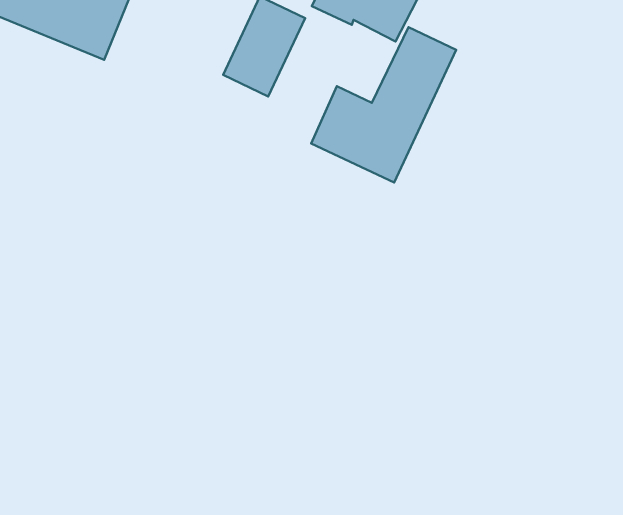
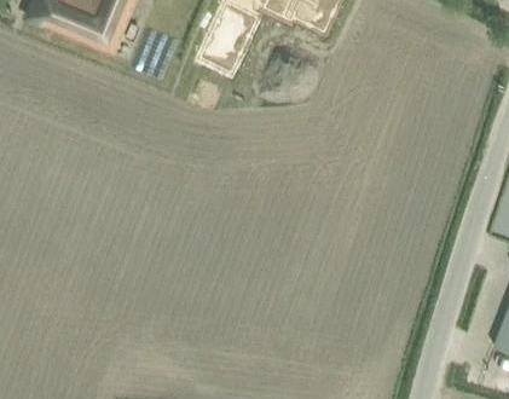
building: [311,27,456,183] -> none

